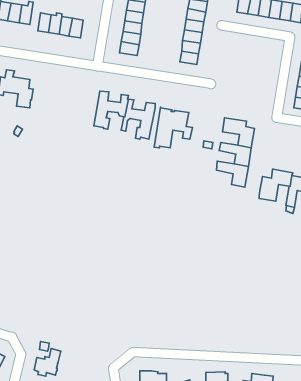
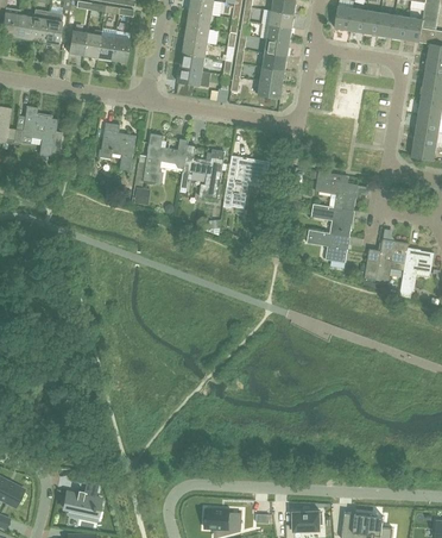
building: none -> [100,123,135,171]

